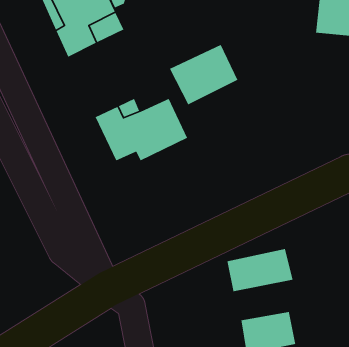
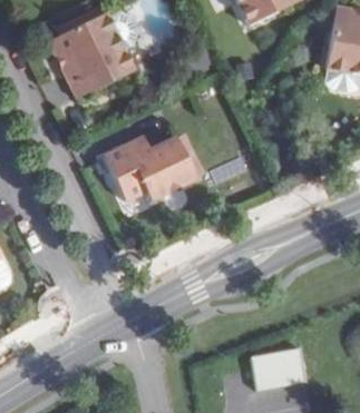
building: [169,44,238,105] -> none
building: [226,248,294,292] -> none

